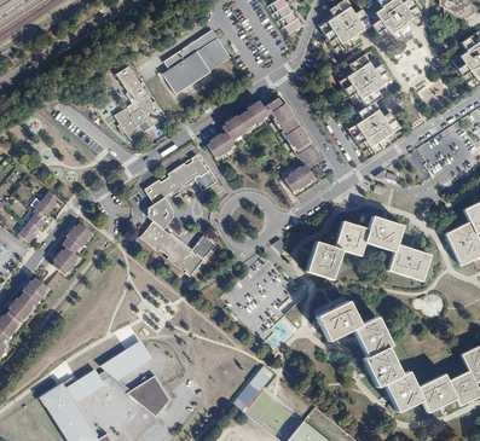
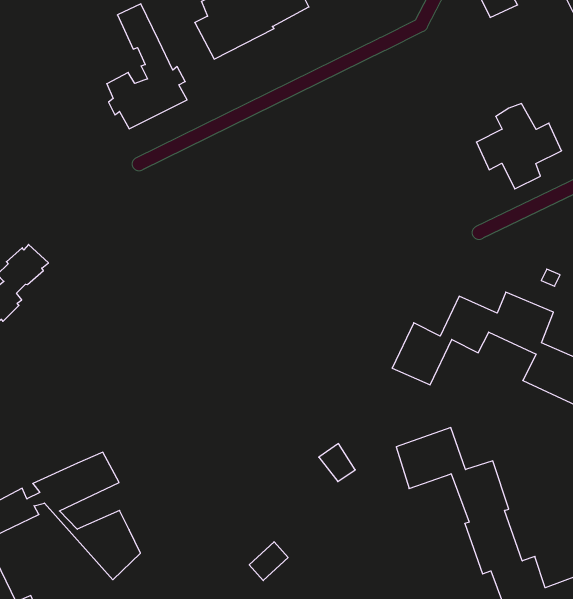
building: [334,51,387,103] -> none
building: [206,99,318,186] -> none
building: [143,155,209,275] -> none

